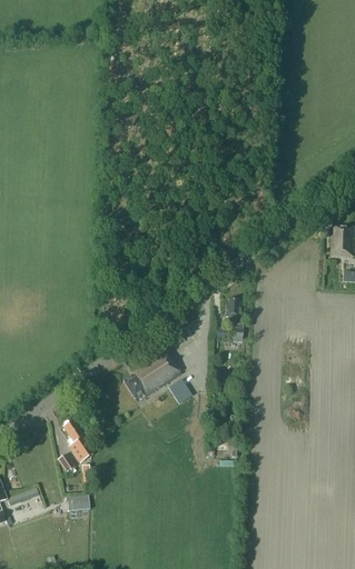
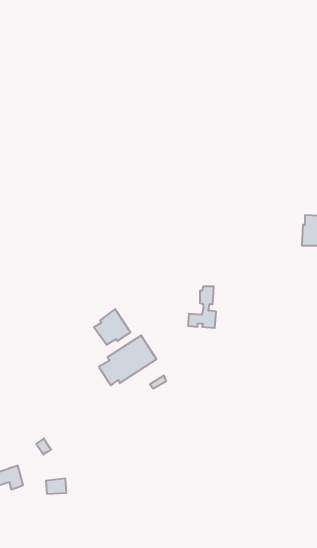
building: none -> [94,309,130,345]
building: [62,420,90,462] -> none

